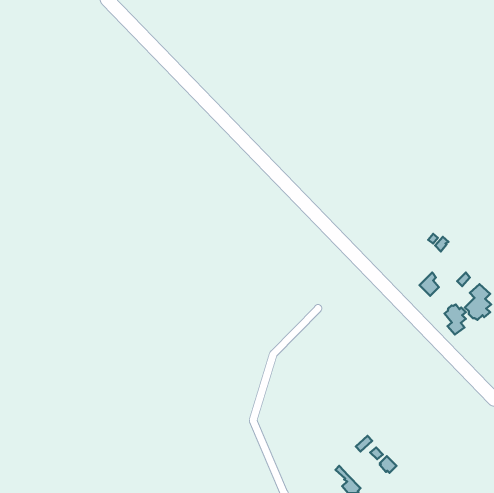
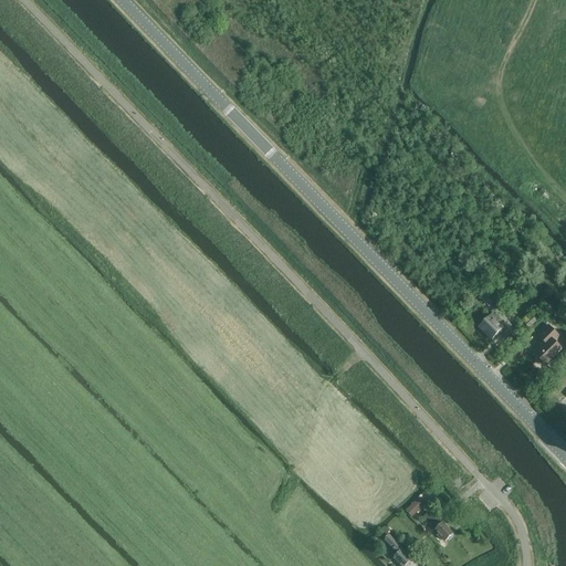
building: [444,304,466,334] -> none

